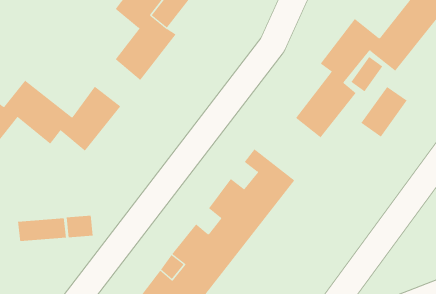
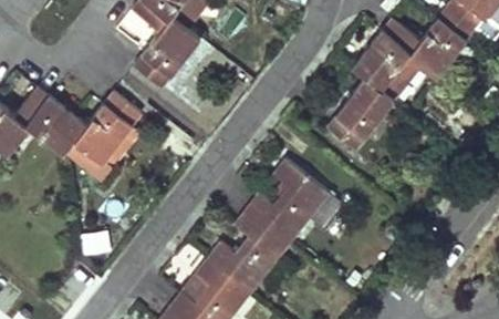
building: [360,86,408,137] -> none
building: [18,217,66,242] -> none

